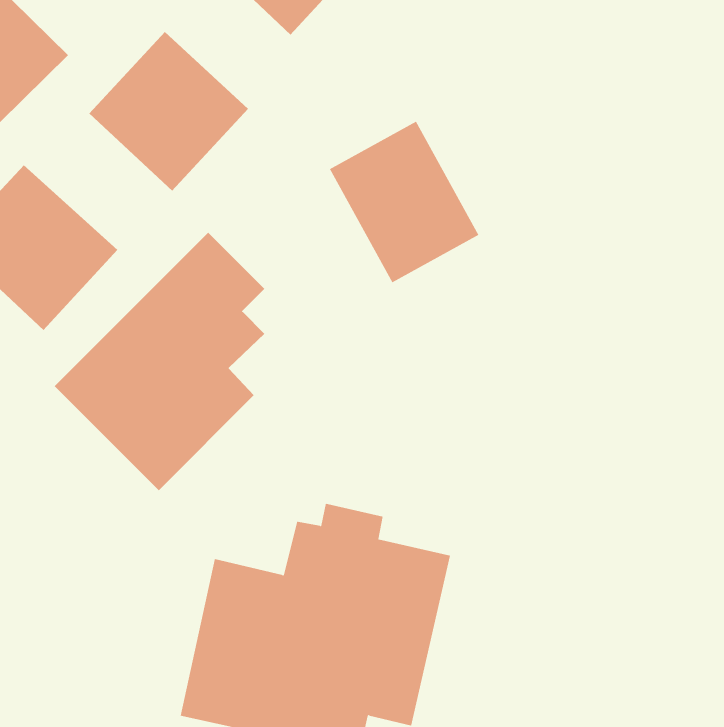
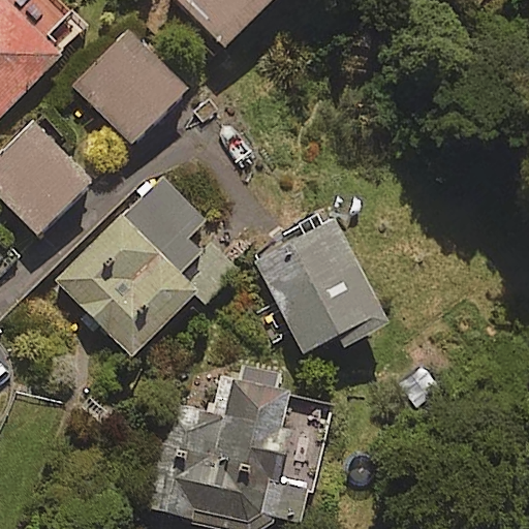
building: [329,121,479,283] -> none
building: none -> [251,214,382,355]

